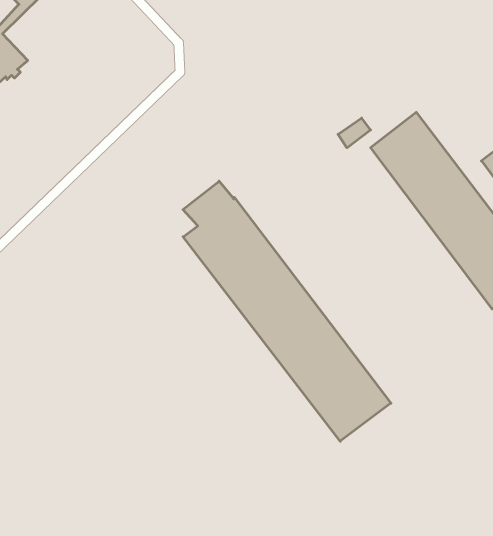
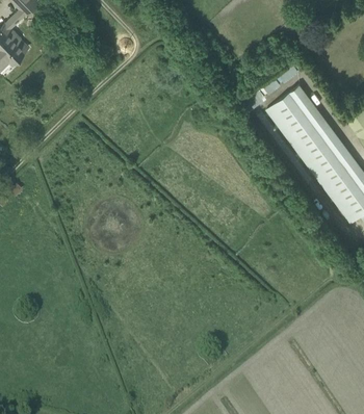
building: [183,181,391,441] -> none

